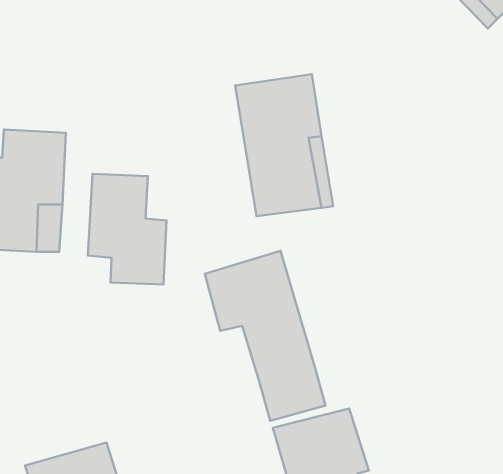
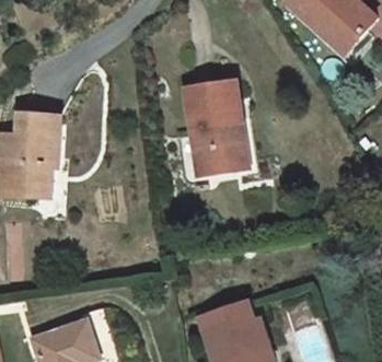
building: [88,174,166,285] -> none
building: [205,251,326,421] -> none

